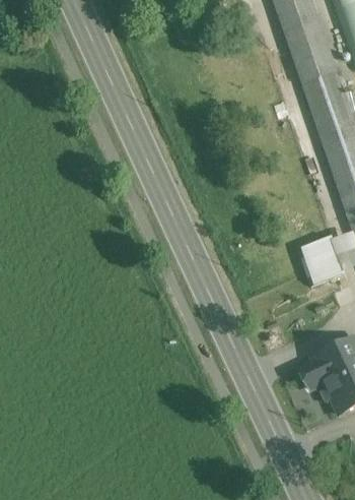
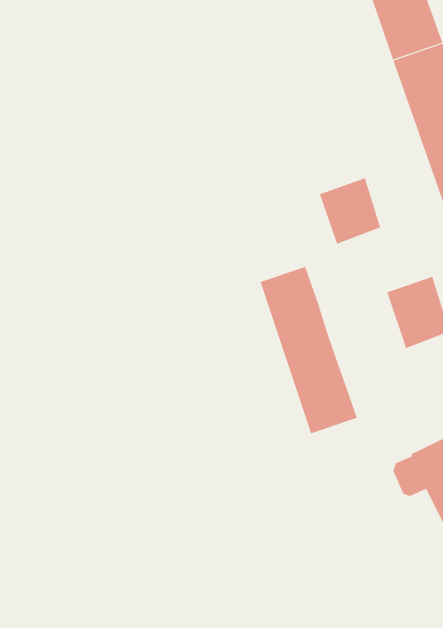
building: none -> [319,178,381,244]
building: none -> [260,266,357,434]

